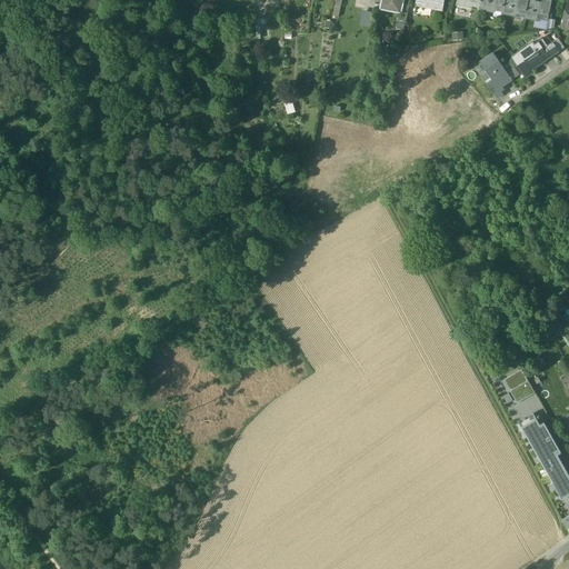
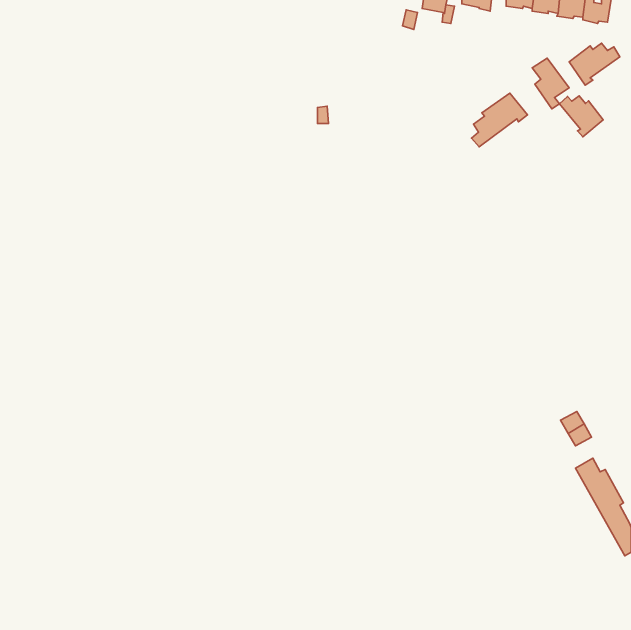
building: none -> [471,93,528,147]
building: none -> [559,96,603,137]

